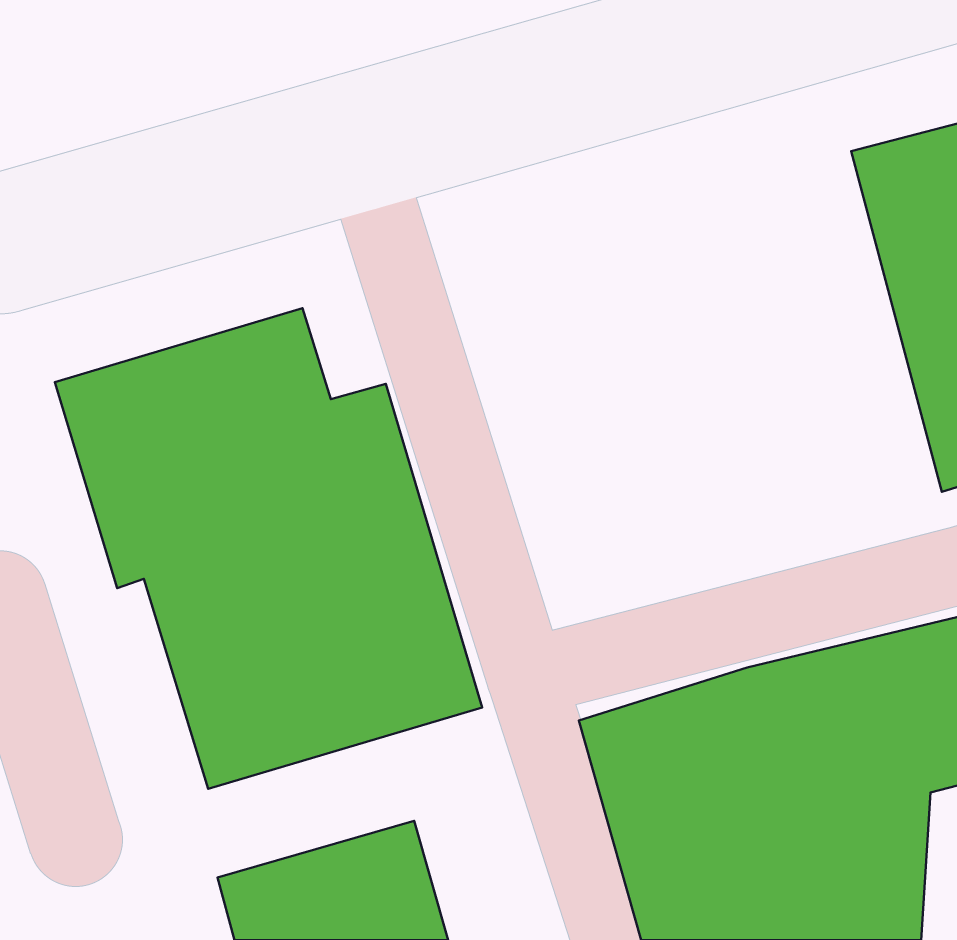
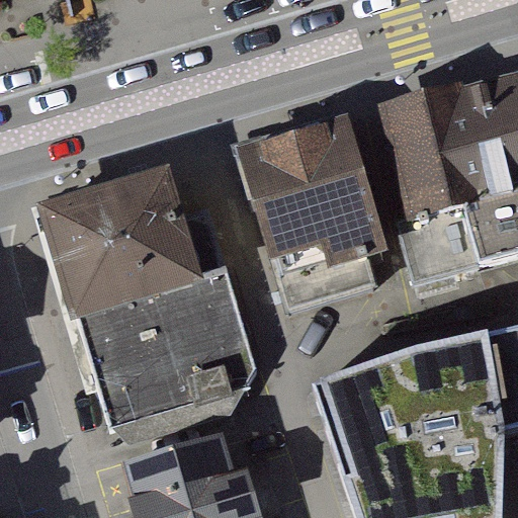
building: none -> [371,81,509,286]
building: none -> [239,113,390,298]

